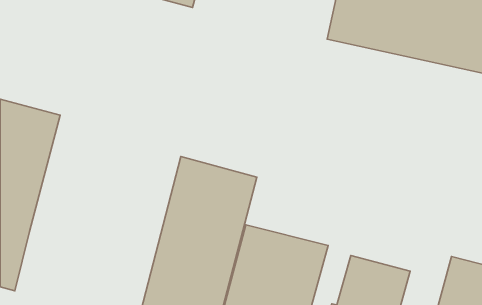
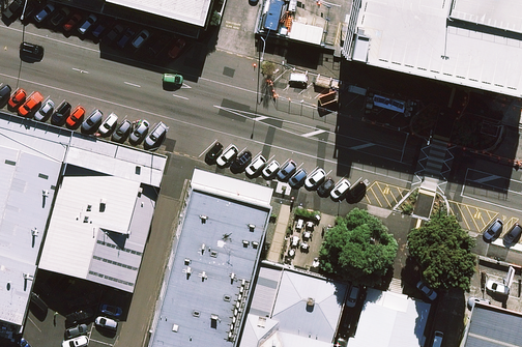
building: none -> [32,141,163,288]

